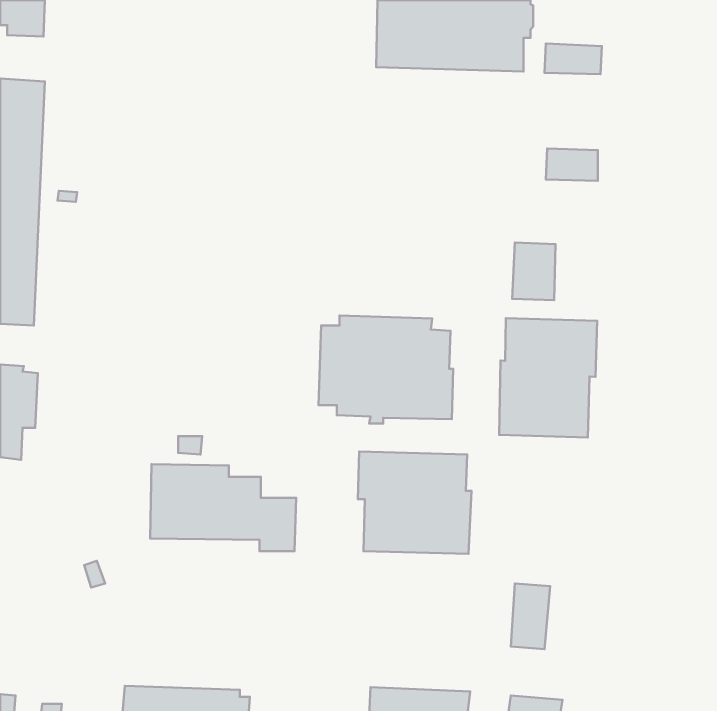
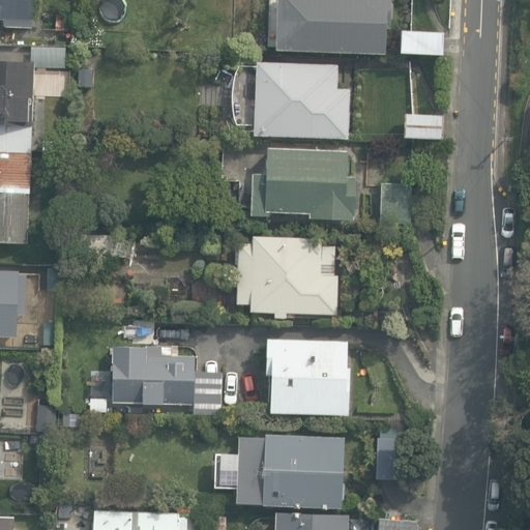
building: none -> [230,61,346,138]
building: none -> [249,148,353,220]
building: [499,318,597,438] -> none
building: none -> [211,434,344,508]

